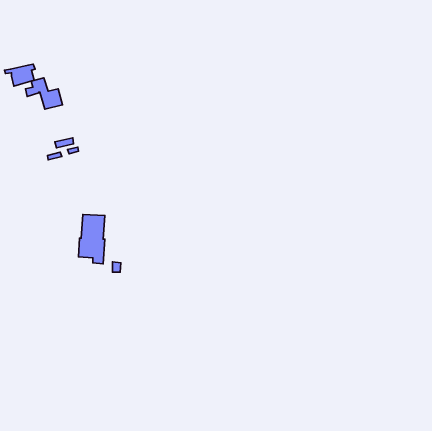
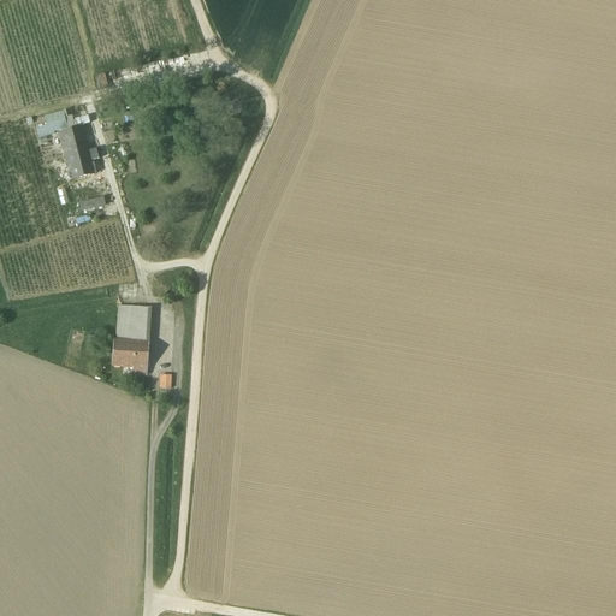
building: [5,64,35,86] -> [55,148,99,179]

